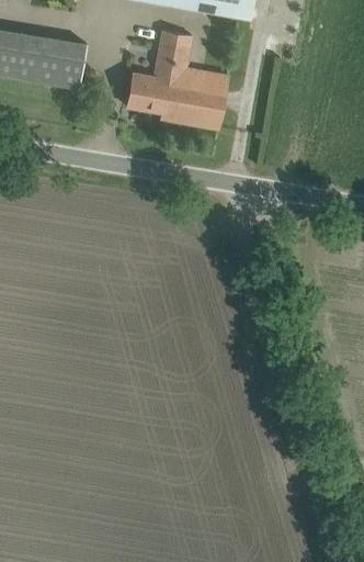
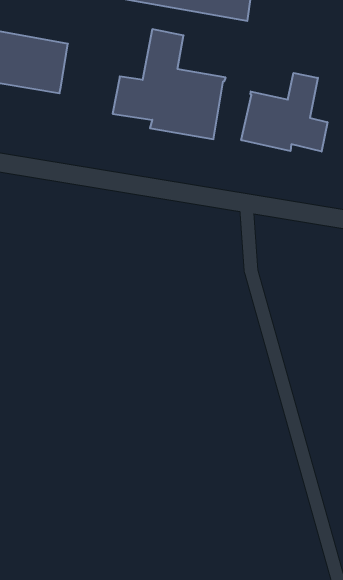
building: none -> [241,73,327,152]

